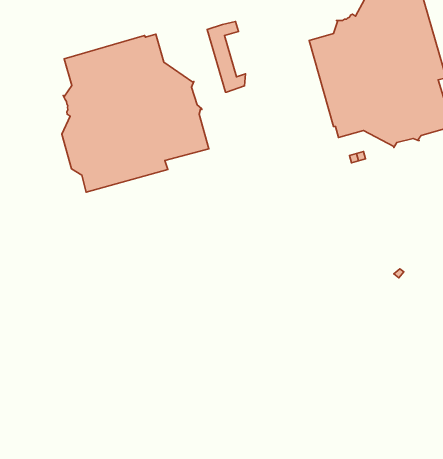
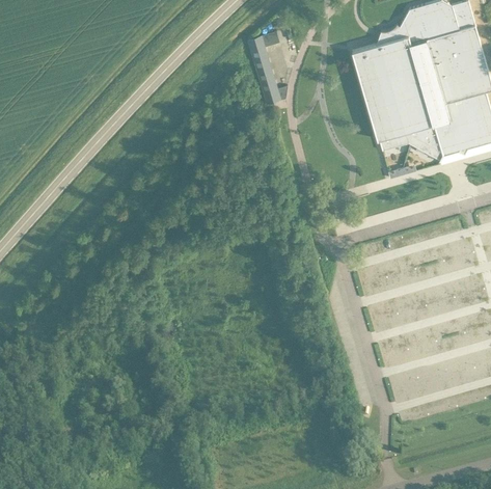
building: [62,34,209,192] -> none

